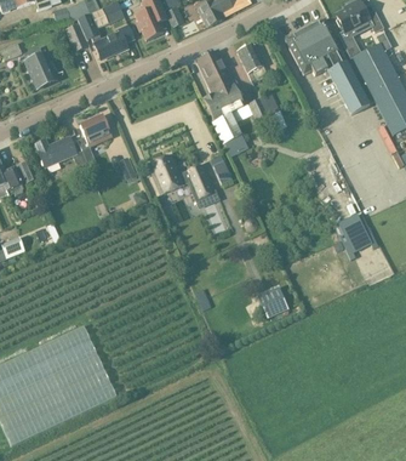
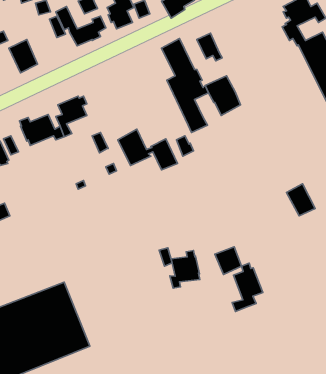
building: [286,19,368,113] -> none
building: none -> [170,251,200,288]
building: none -> [232,263,263,311]

